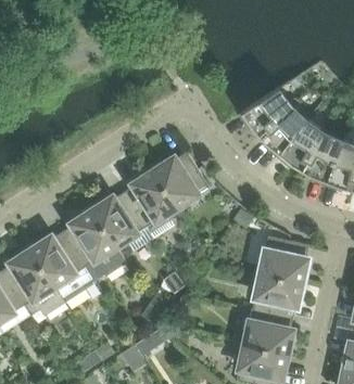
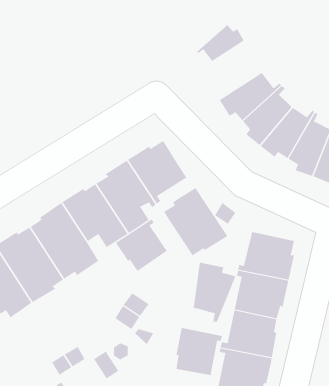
building: none -> [196,24,244,62]
building: none -> [163,187,228,256]
building: none -> [115,219,167,272]
building: none -> [193,262,236,323]
building: none -> [176,327,223,376]

